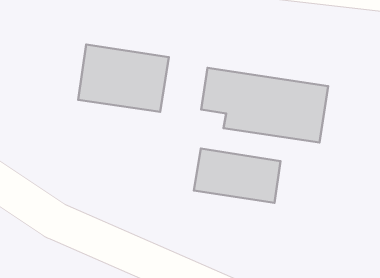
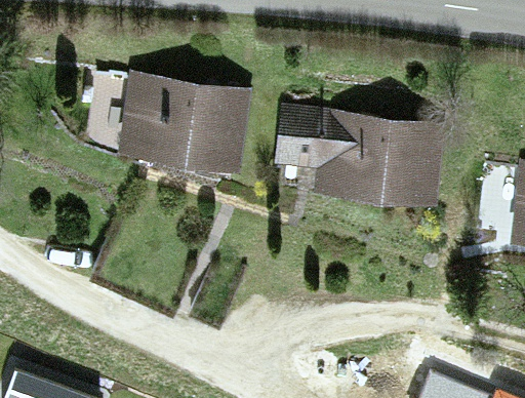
building: [194,148,281,203] -> none

